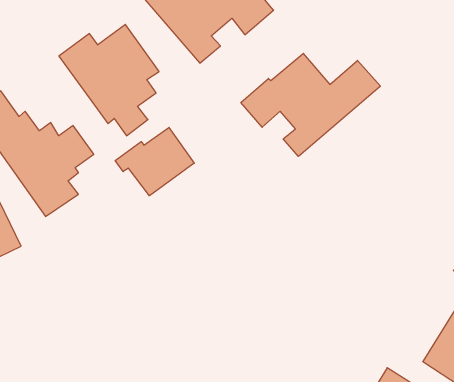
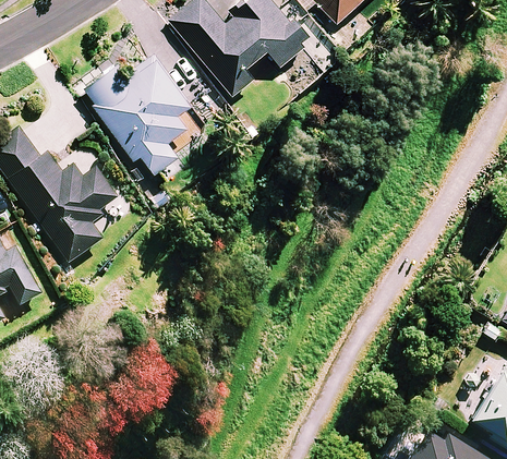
building: [241,53,380,156] -> none
building: [115,127,194,196] -> none

